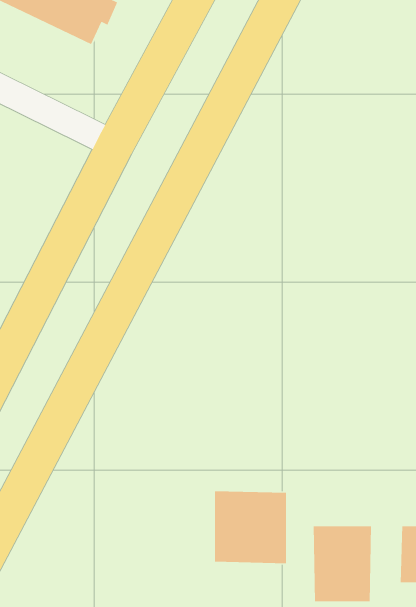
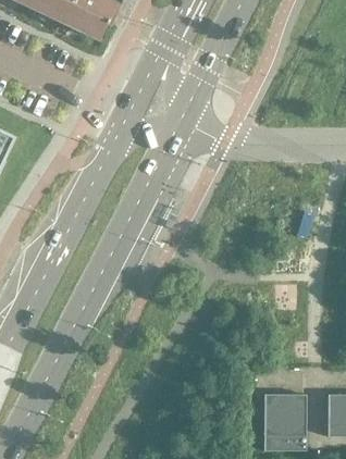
building: [214,490,287,564] -> none

